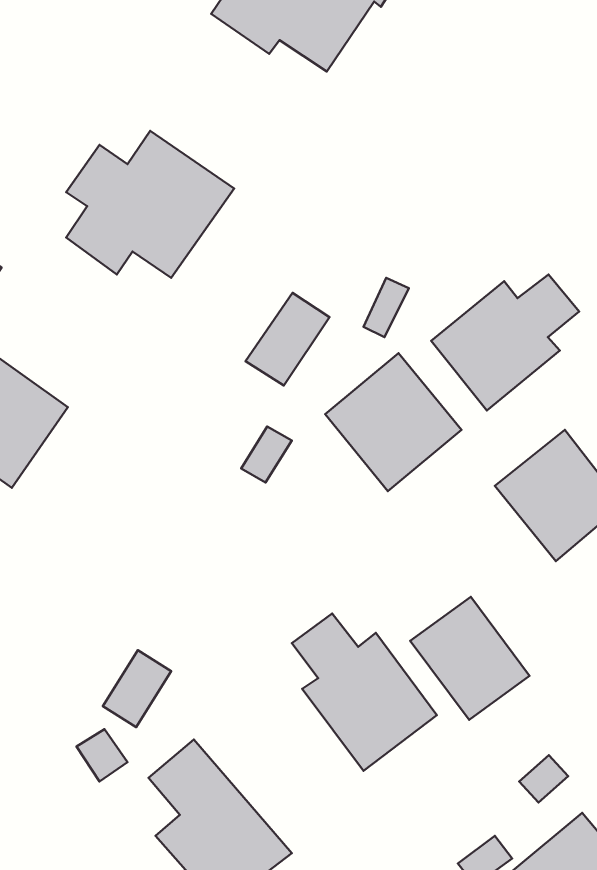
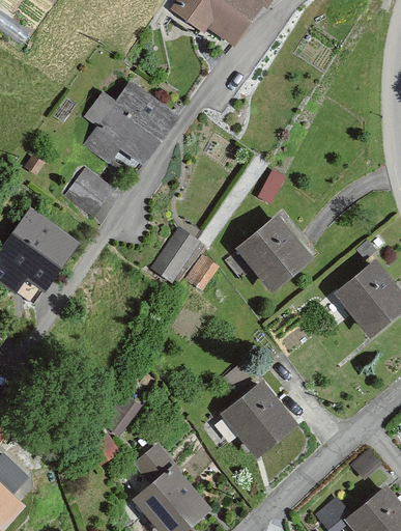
building: [431,274,579,410] -> none
building: none -> [64,170,112,215]
building: [245,293,329,386] -> [147,228,197,283]
building: [410,597,530,720] -> none

